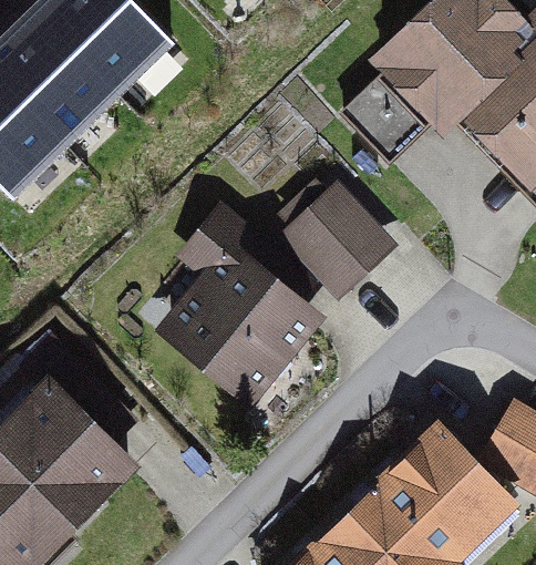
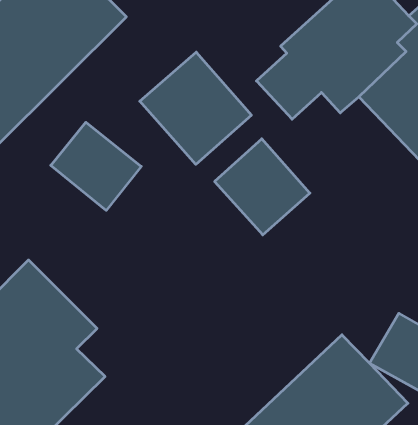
building: none -> [140,52,251,164]
building: none -> [51,122,141,210]
building: [150,202,322,419] -> none

